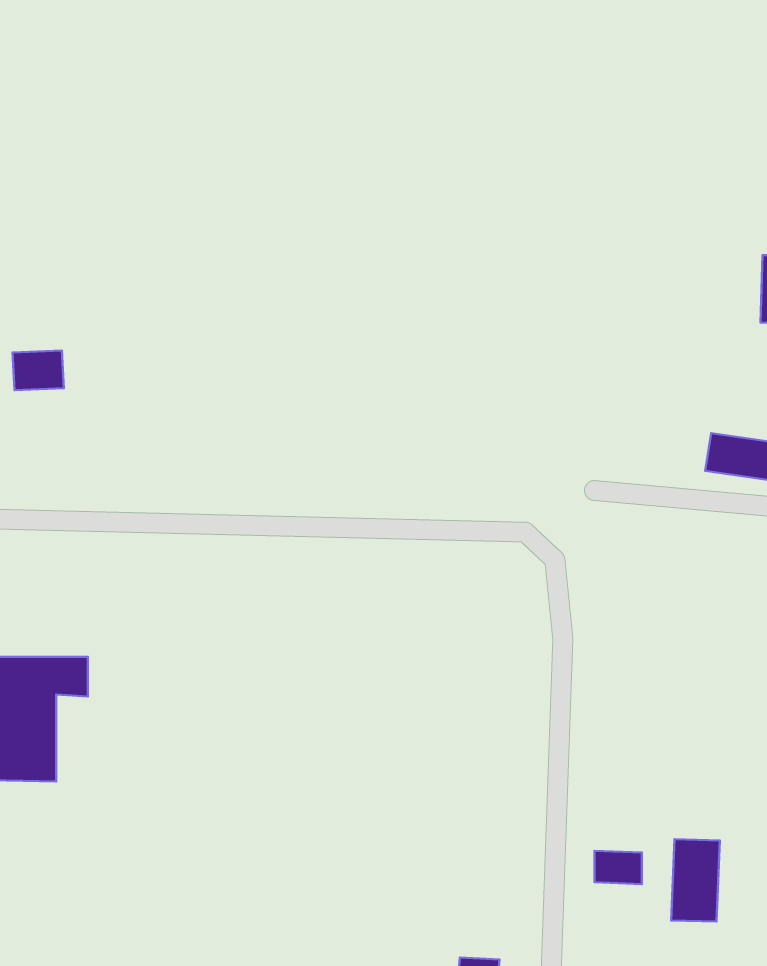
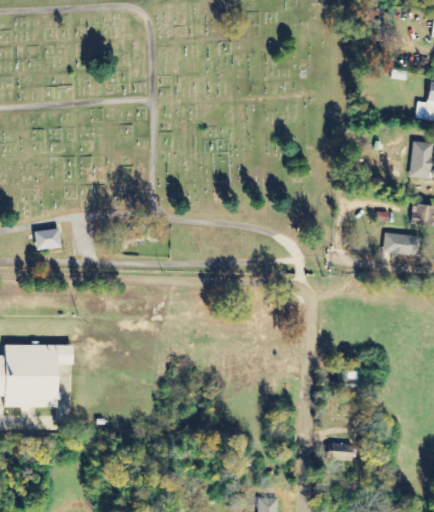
building: [12,351,64,390] -> [34,229,60,249]
building: [671,839,720,922] -> none

